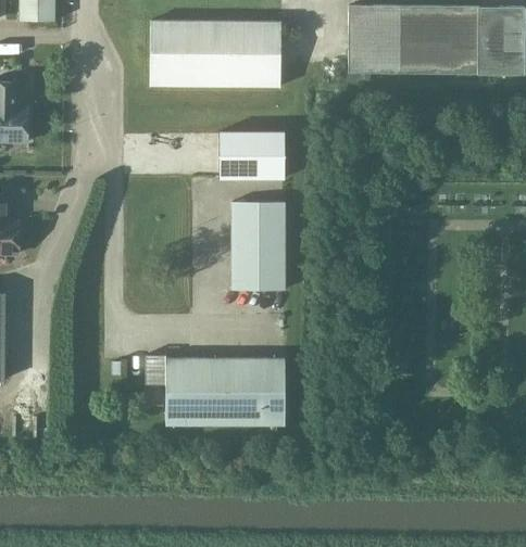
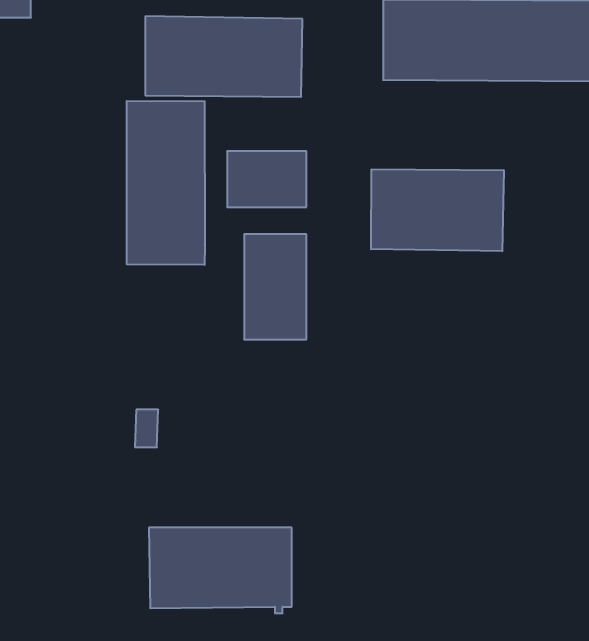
building: none -> [127,101,205,265]
building: none -> [371,169,504,251]
building: [165,358,285,430] -> [149,528,292,613]

